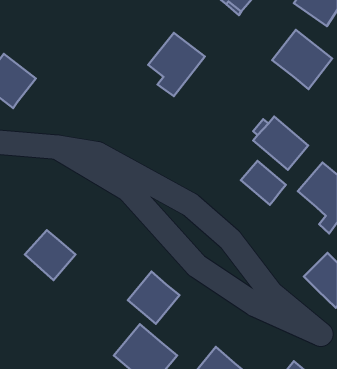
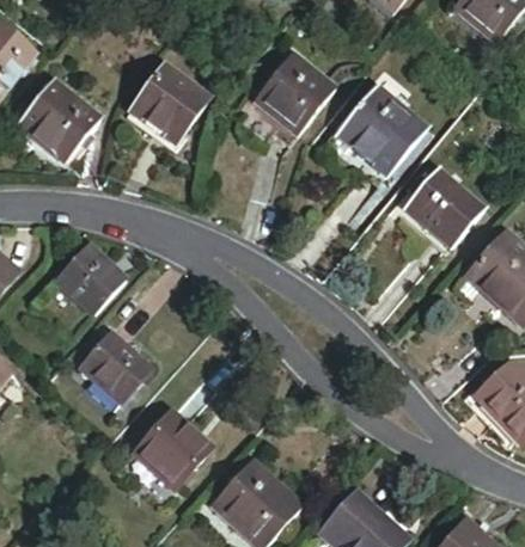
building: [272,30,332,89] -> [341,90,426,173]
building: none -> [132,67,206,140]
building: [241,161,286,205] -> none
building: none -> [61,242,129,311]
building: [128,271,179,324] -> [136,414,209,488]

